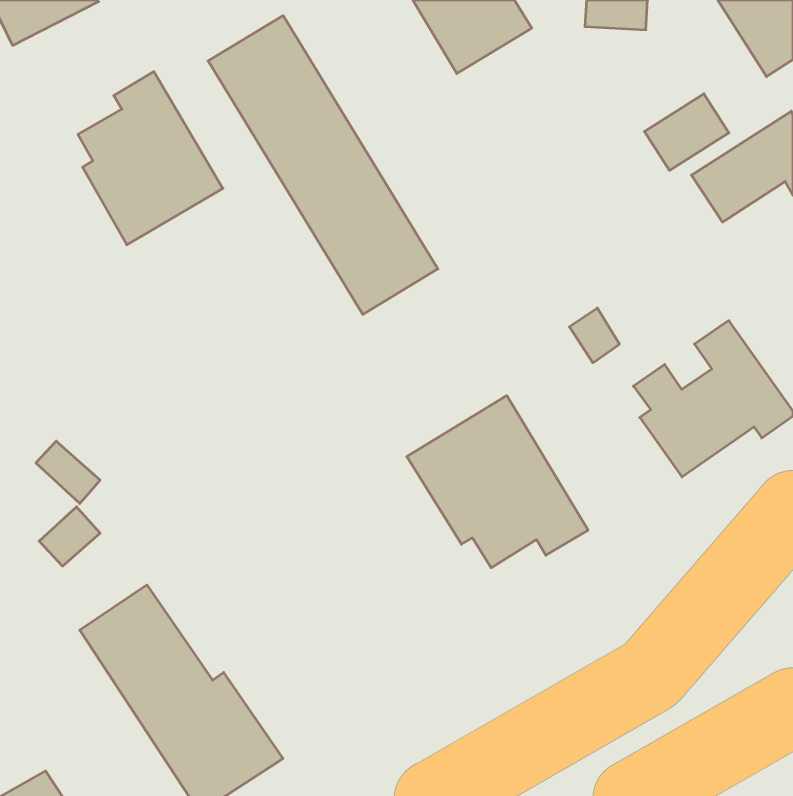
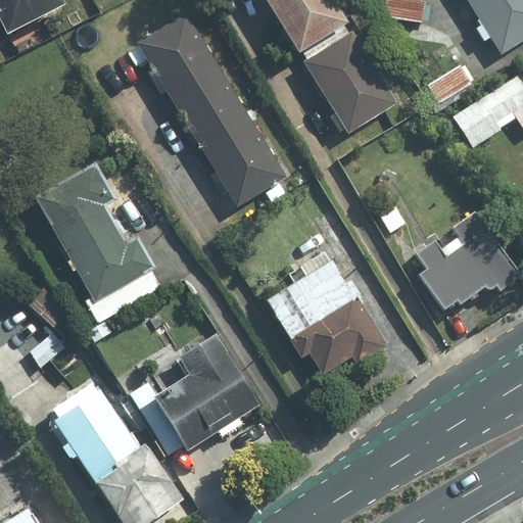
building: none -> [303,31,397,132]
building: [78,72,223,245] -> none
building: none -> [32,161,154,303]
building: none -> [153,332,263,449]

